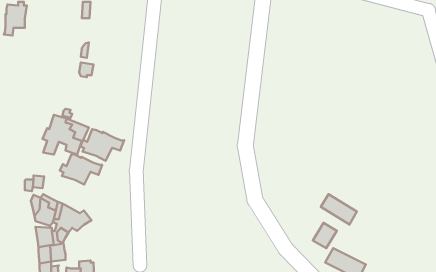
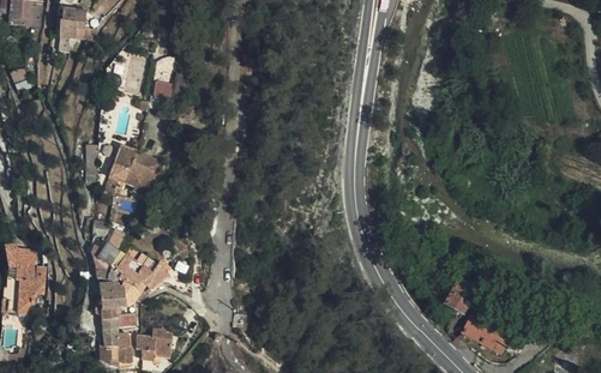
building: [80,129,124,161] -> none
building: [60,154,102,185] -> none
building: [321,194,357,224] -> none

